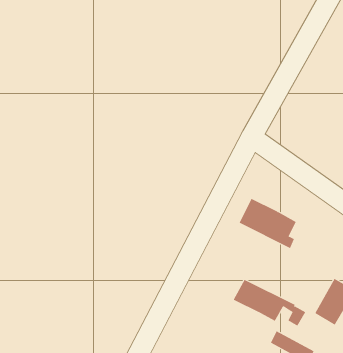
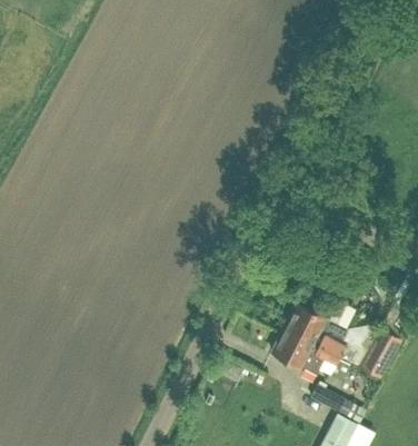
building: [239,198,297,249] -> [280,305,342,359]

